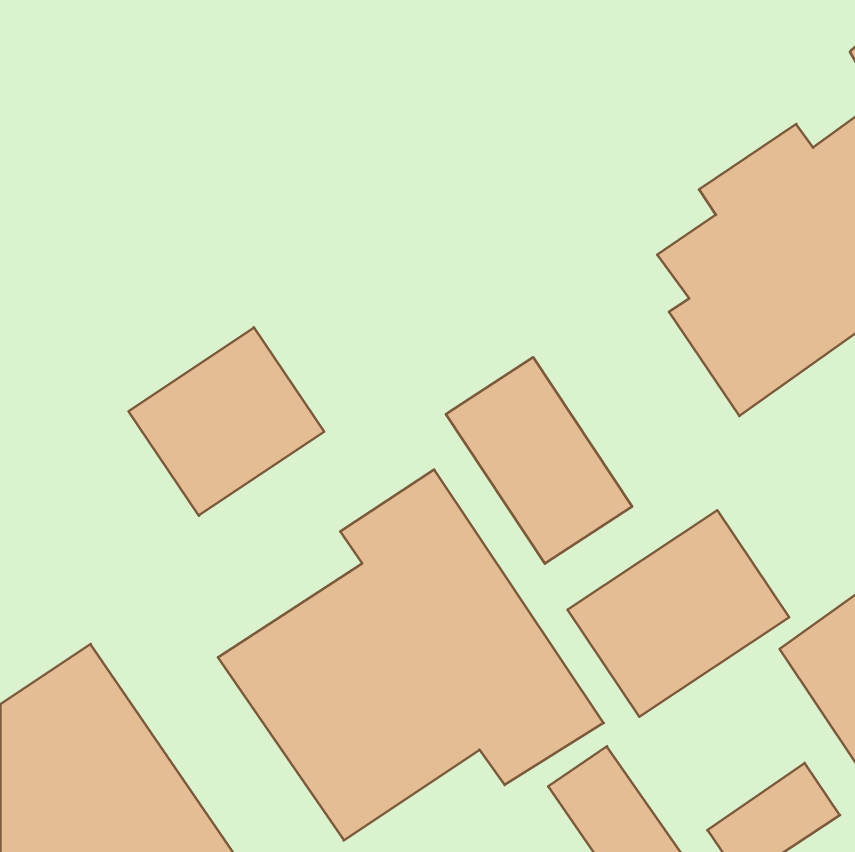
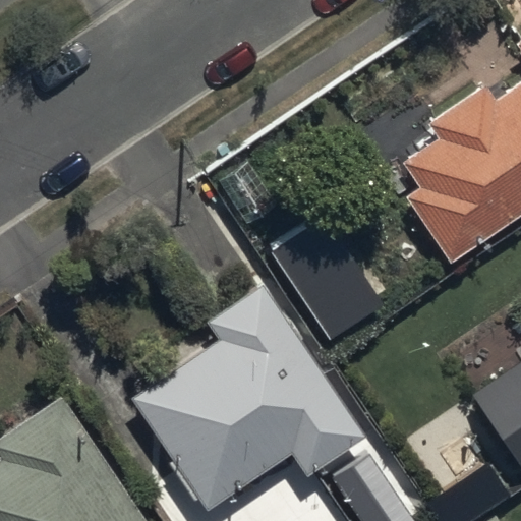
building: [129,327,324,516] -> none
building: [568,510,789,717] -> none

